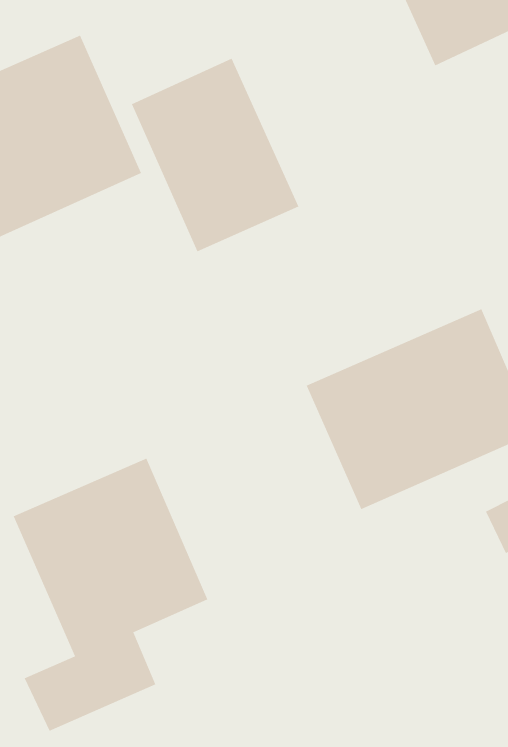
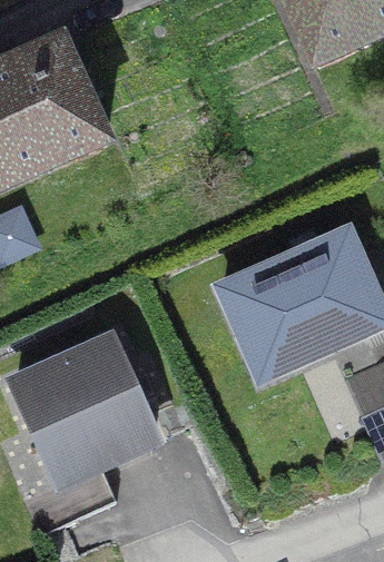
building: [131,58,299,252] -> none

